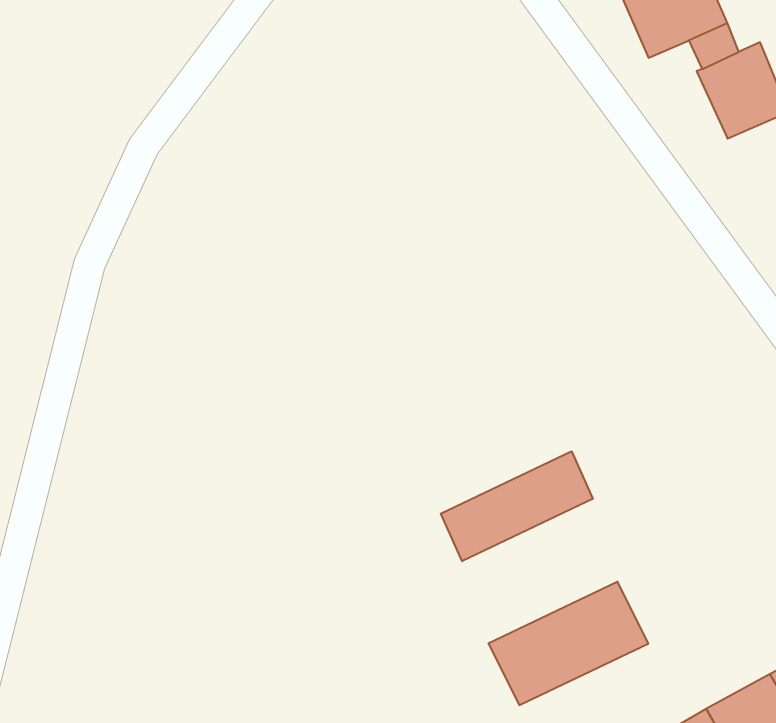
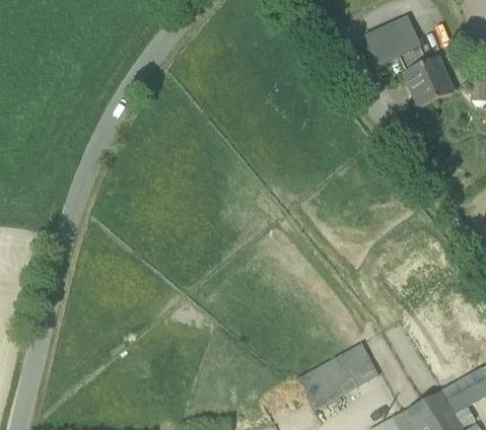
building: [441,451,593,561] -> none

